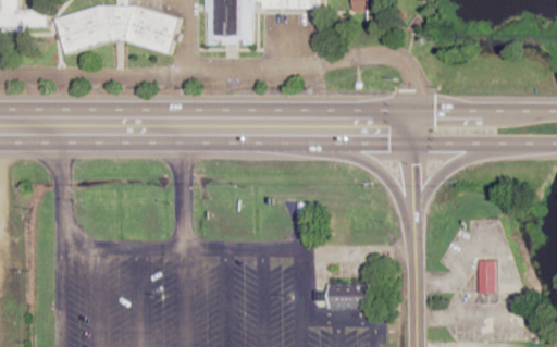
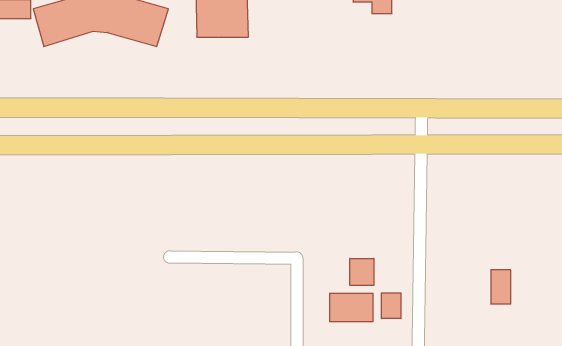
building: none -> [350,258,374,285]
building: none -> [381,293,401,319]

